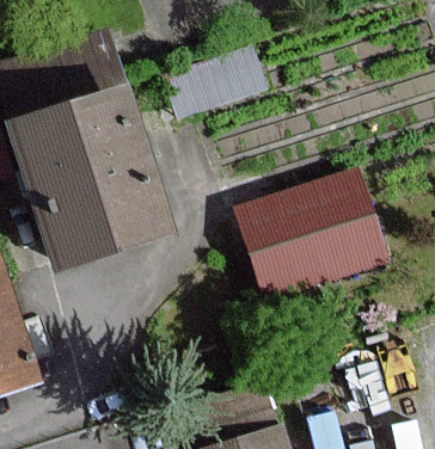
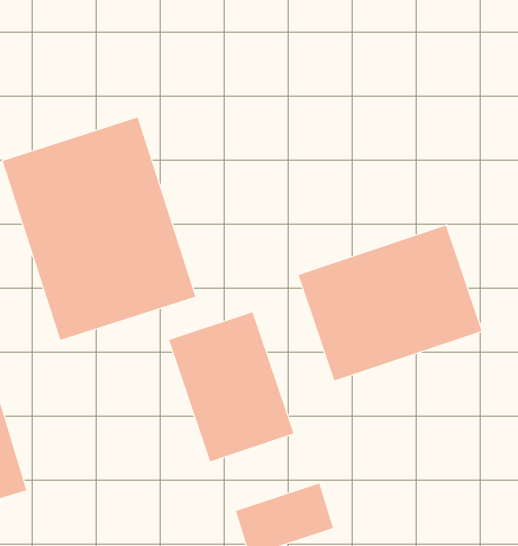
building: none -> [169,311,294,462]

